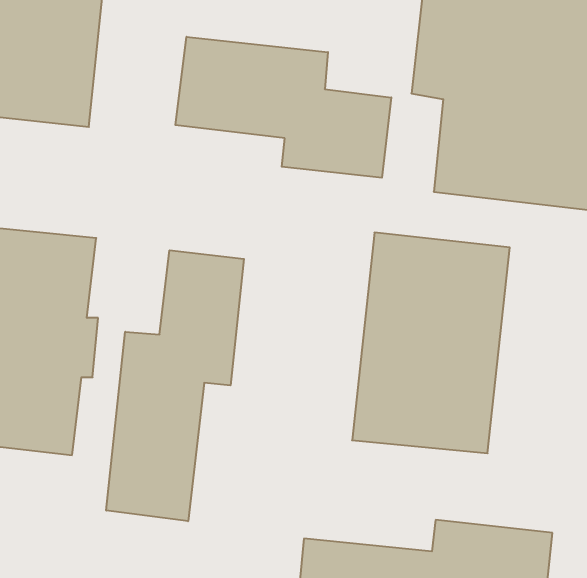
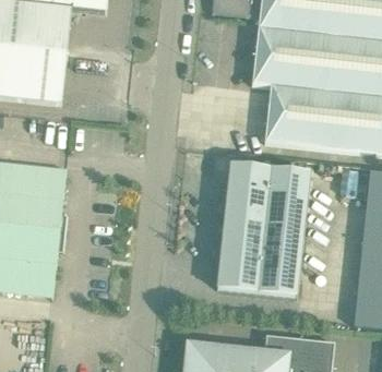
building: [175,37,391,178] -> none
building: [106,250,244,521] -> none

